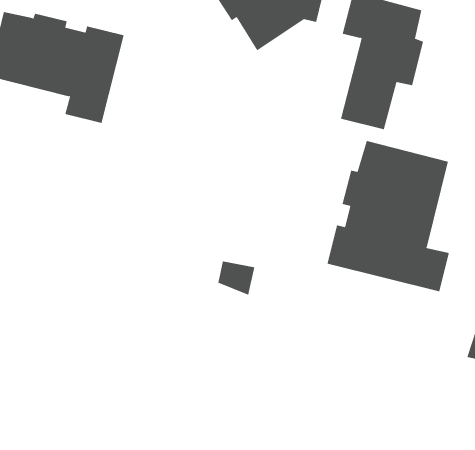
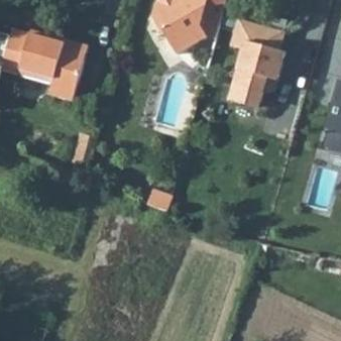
building: [327,140,449,292] -> none

